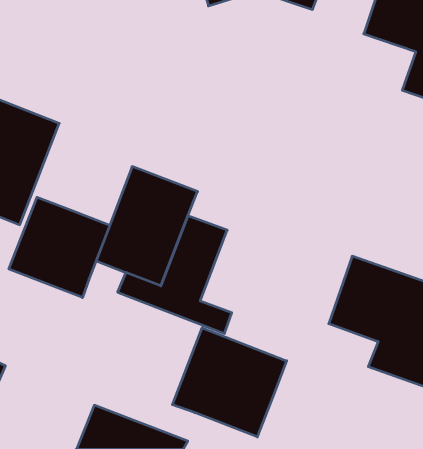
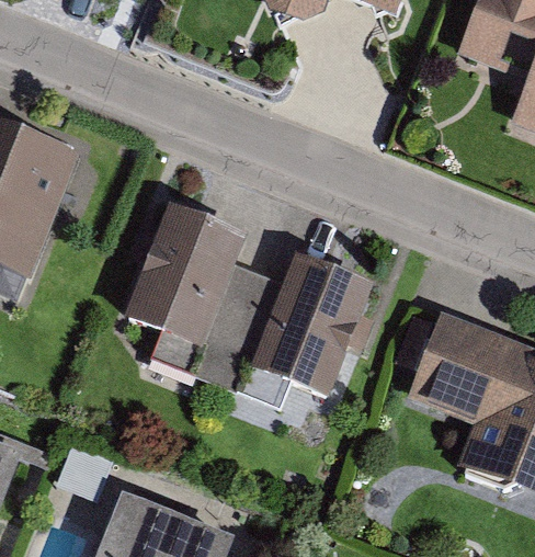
building: [9,197,110,298] -> none
building: none -> [253,254,375,398]
building: [172,328,287,437] -> none

